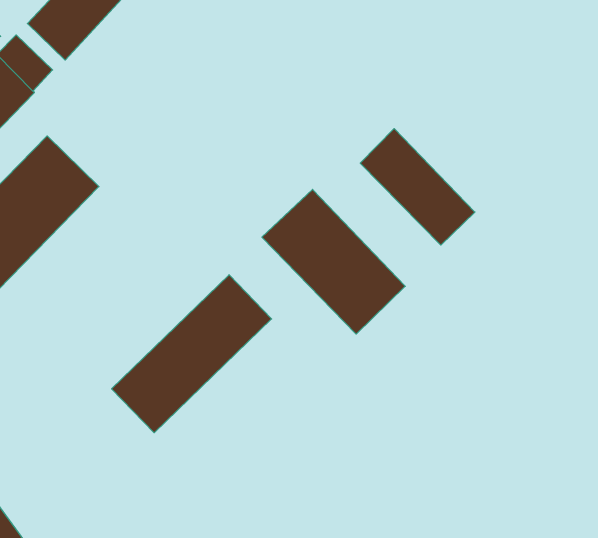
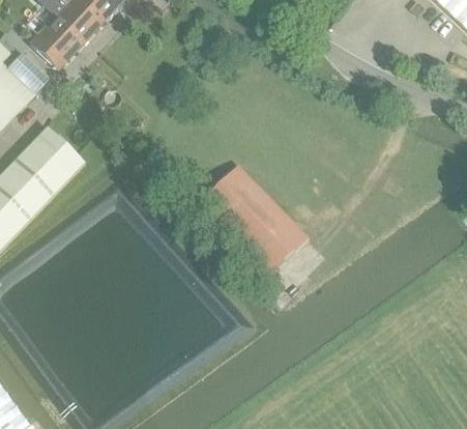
building: [360,129,475,245] -> none
building: [112,275,272,433] -> none

